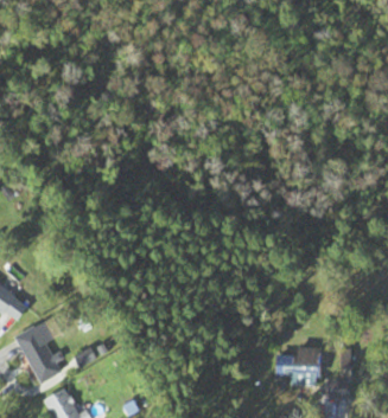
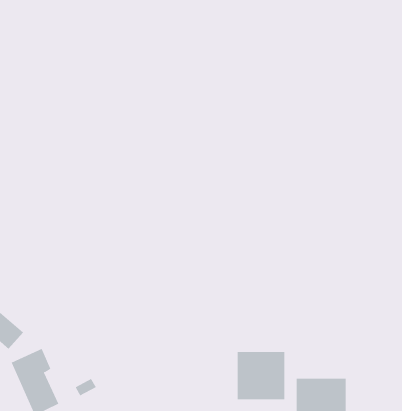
building: none -> [237,351,285,400]

